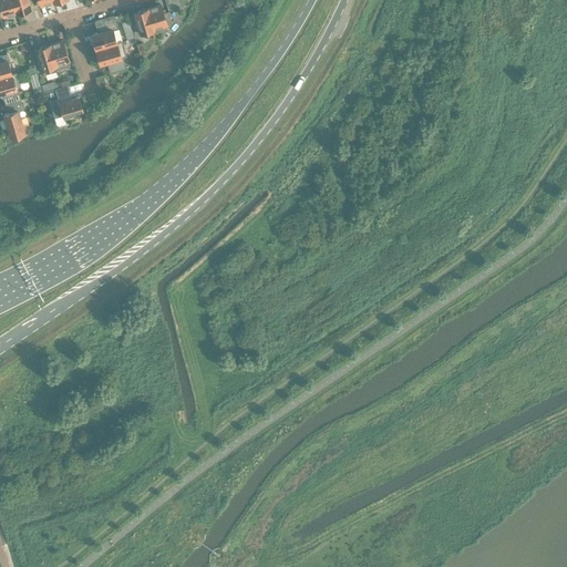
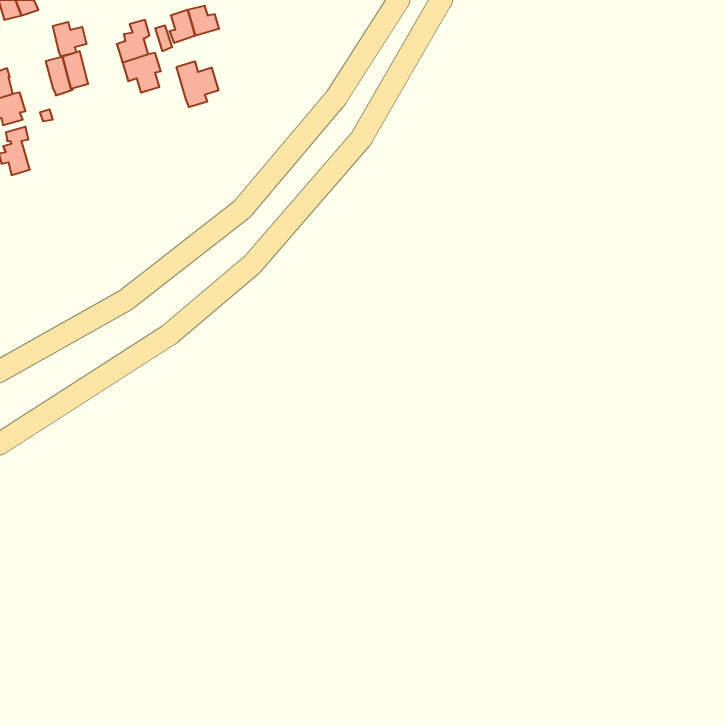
building: none -> [53,22,87,56]
building: none -> [177,61,219,107]
building: [49,86,82,117] -> none

